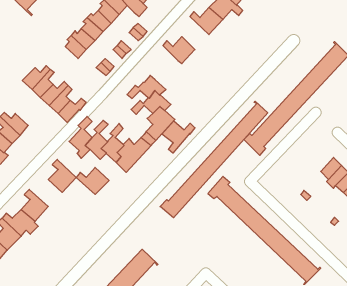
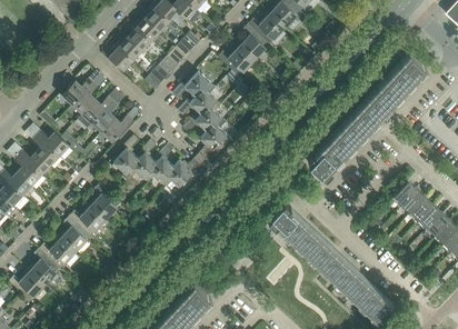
building: none -> [239,24,269,61]
building: none -> [172,72,216,99]
building: [160,101,268,218] -> none
building: [162,121,195,153] -> none
building: [76,167,109,194] -> [69,206,106,236]

